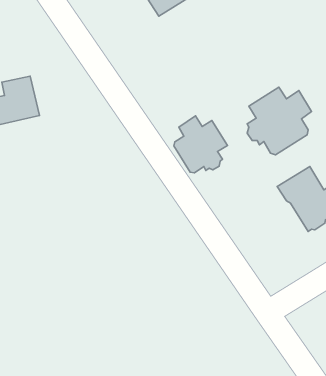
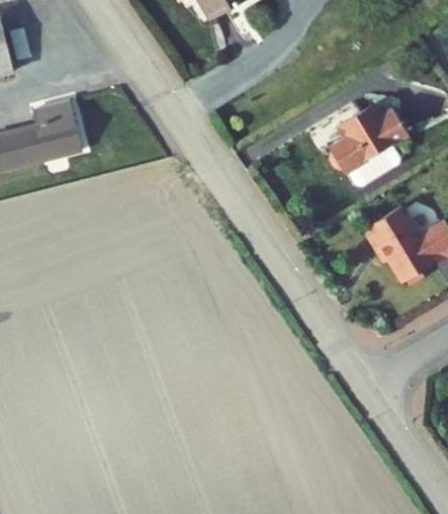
building: [174,116,227,173] -> none

